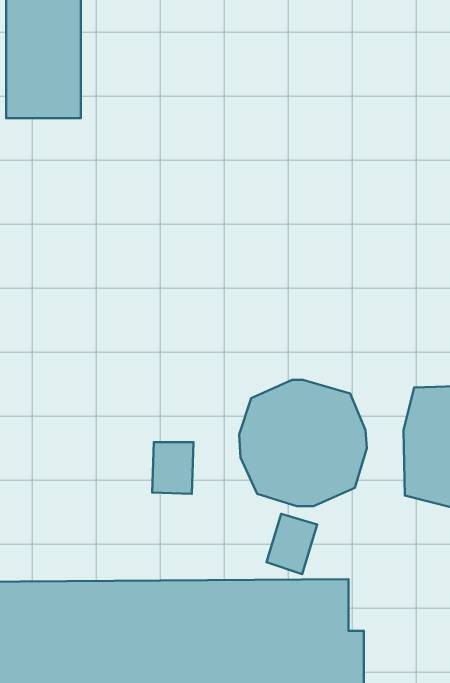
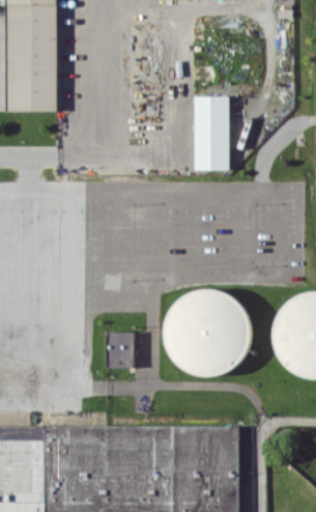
building: none -> [194,96,230,171]
building: [266,514,317,574] -> none

